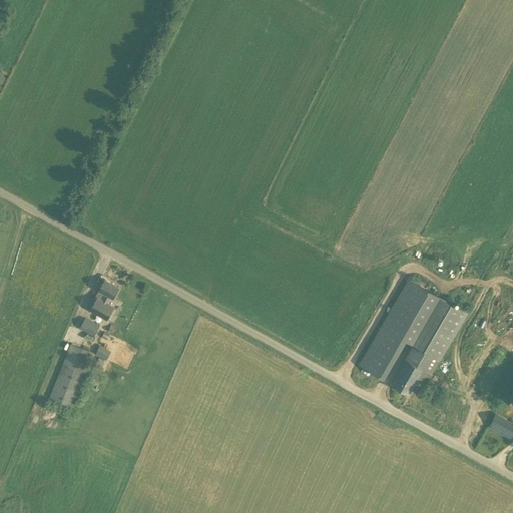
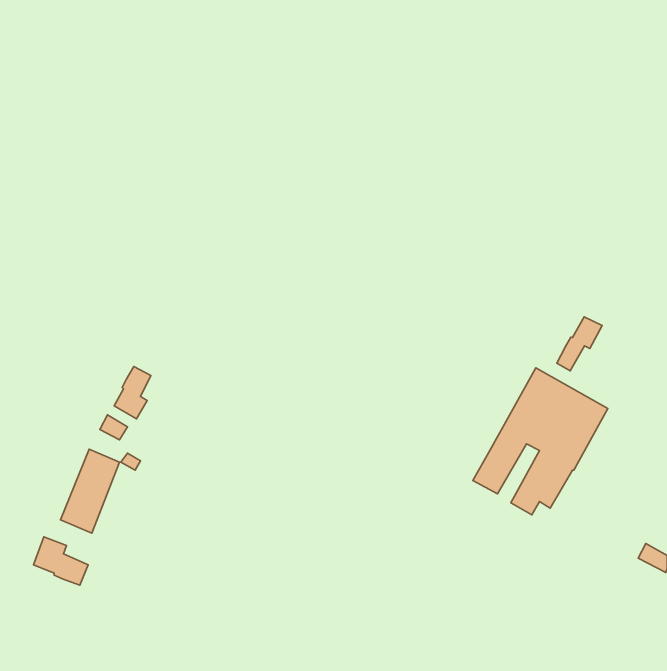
building: none -> [557,317,602,371]
building: none -> [34,537,88,585]

